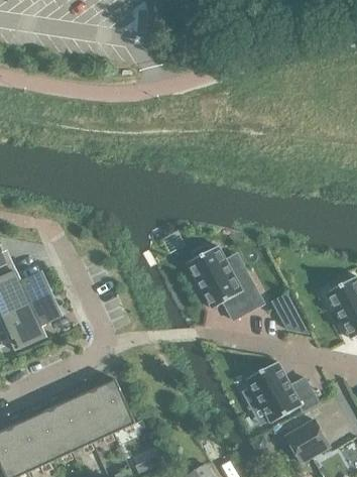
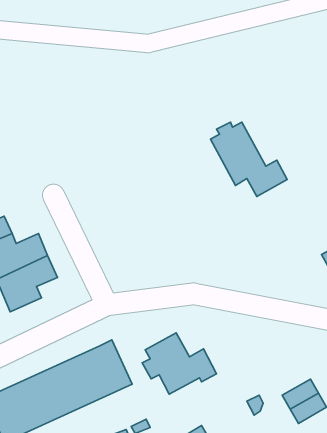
building: [187,245,263,320] -> [210,122,287,196]
building: [276,301,310,333] -> none
building: [243,361,318,423] -> [142,333,217,394]

